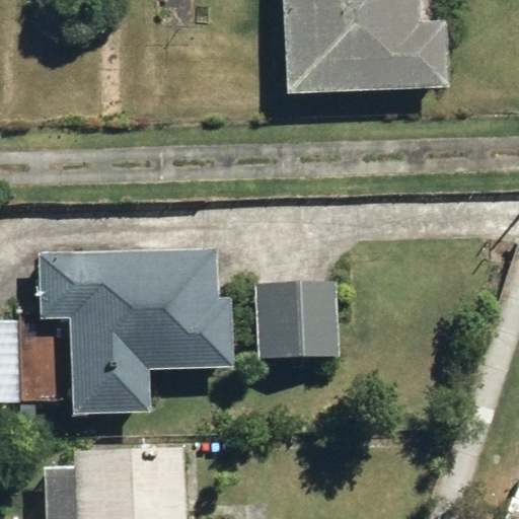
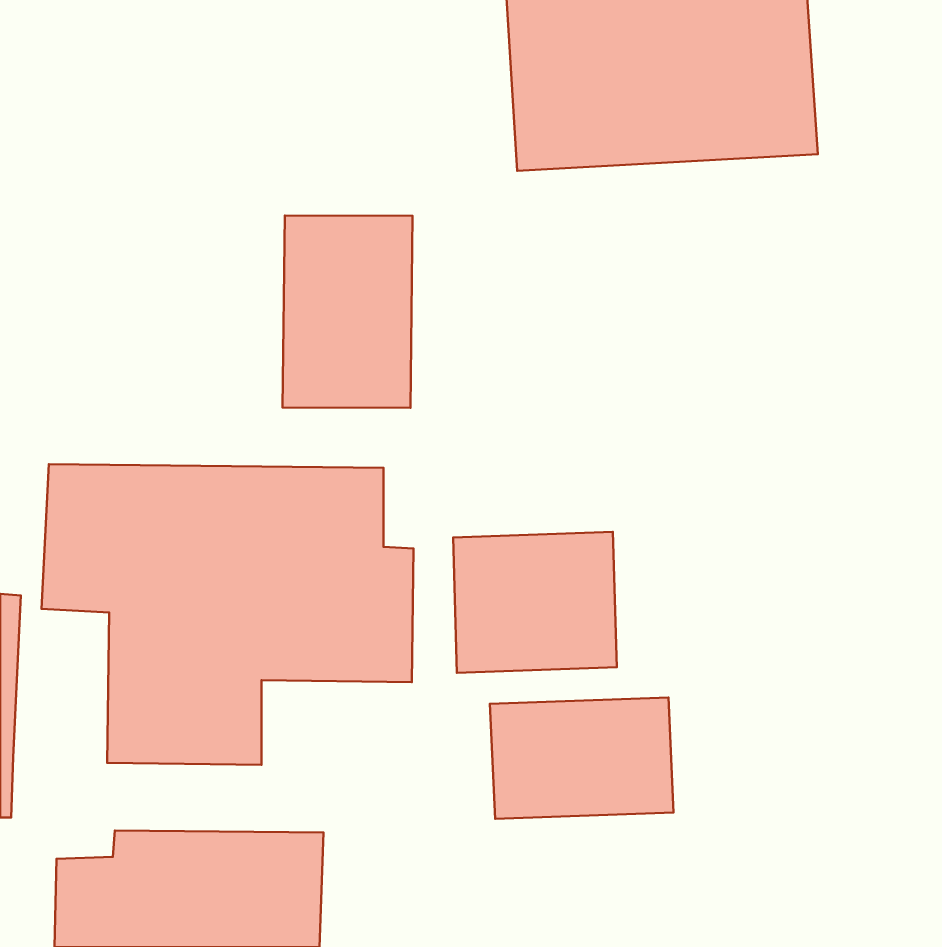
building: none -> [283,215,413,408]
building: none -> [490,697,674,819]

